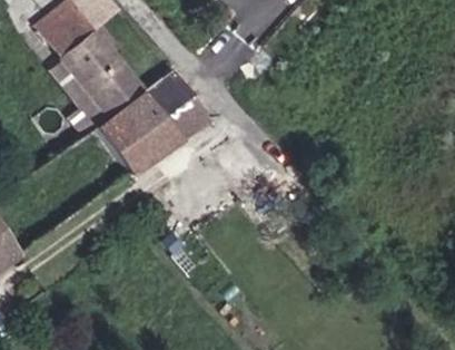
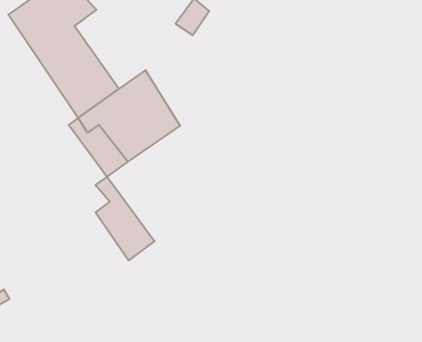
building: none -> [95,177,155,260]

